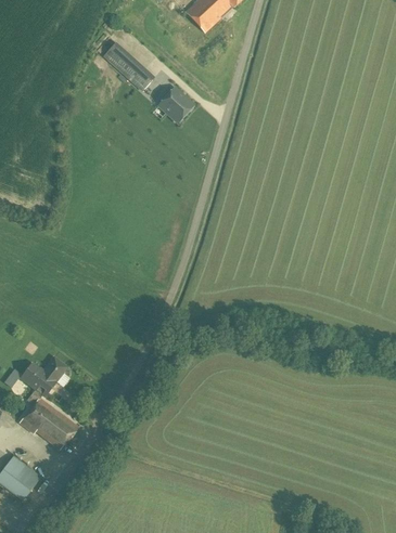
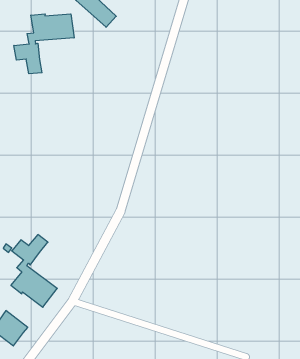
building: none -> [14,14,74,74]
building: [156,86,193,122] -> none

